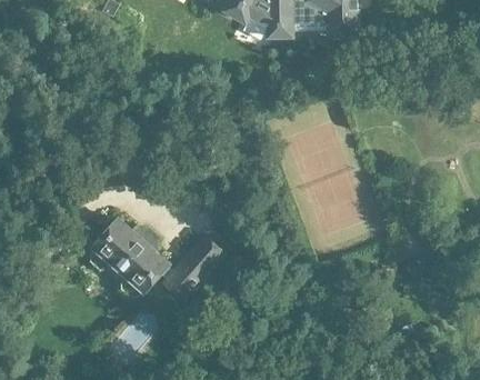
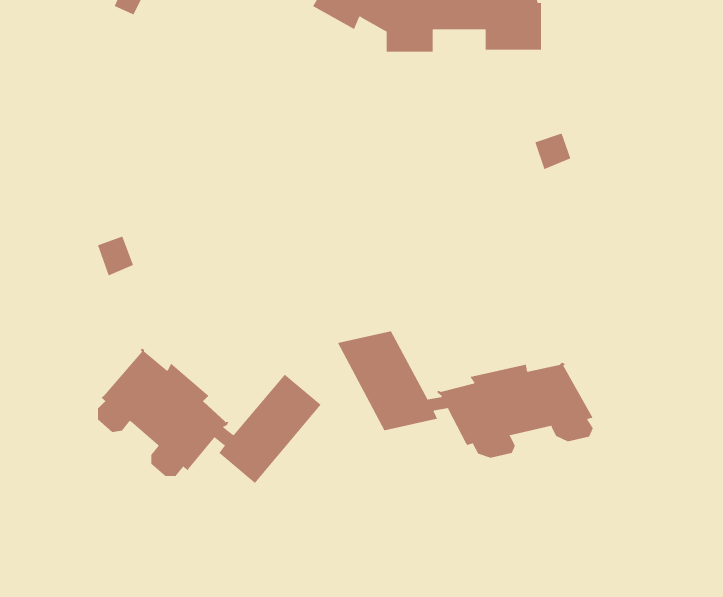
building: none -> [337,331,594,458]

